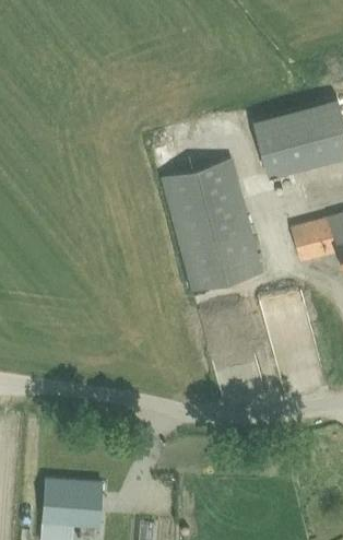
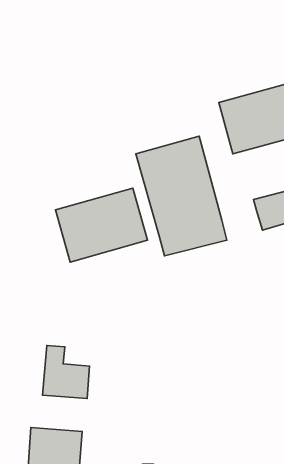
building: none -> [55,188,148,262]
building: none -> [43,346,90,398]

